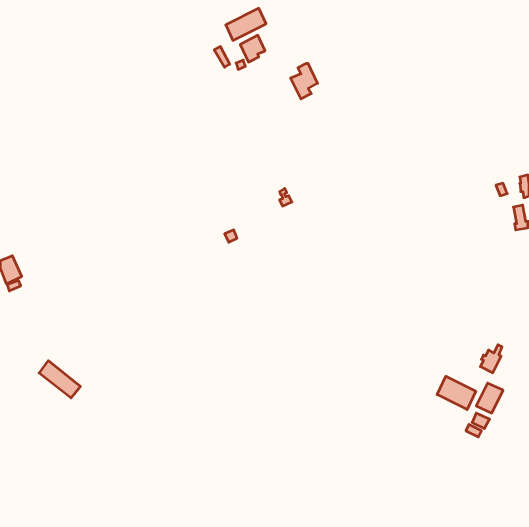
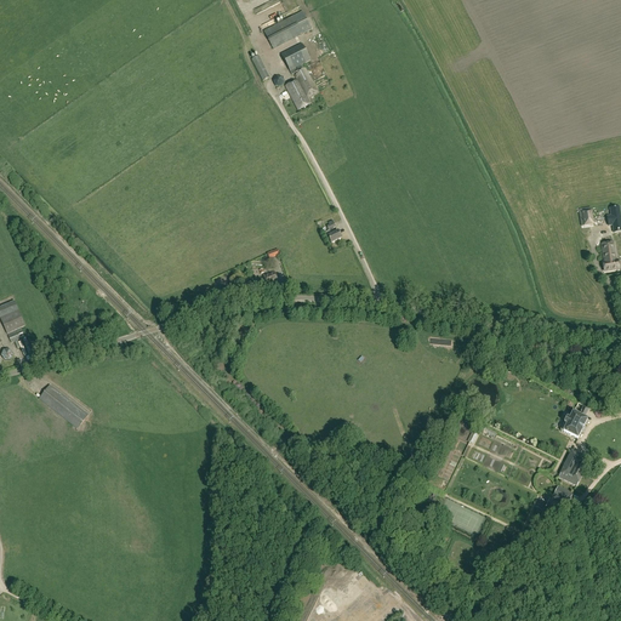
building: [291,64,318,99] -> [285,67,317,108]
building: [39,361,80,398] -> [40,383,89,427]
building: [437,376,476,410] -> none

